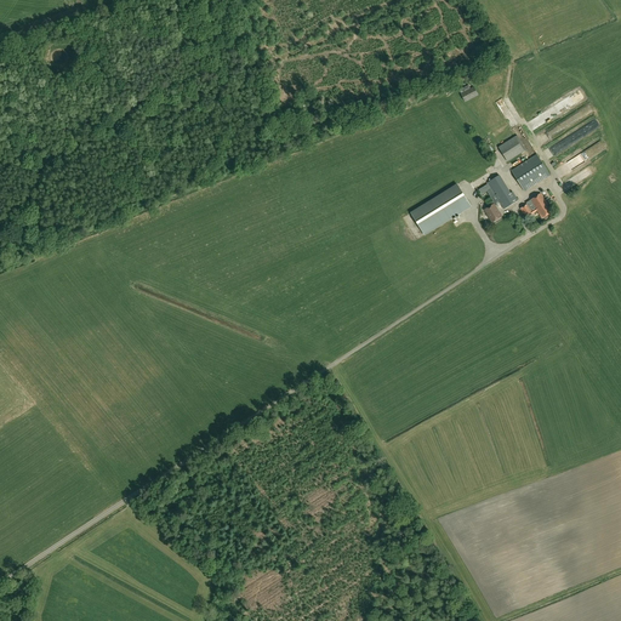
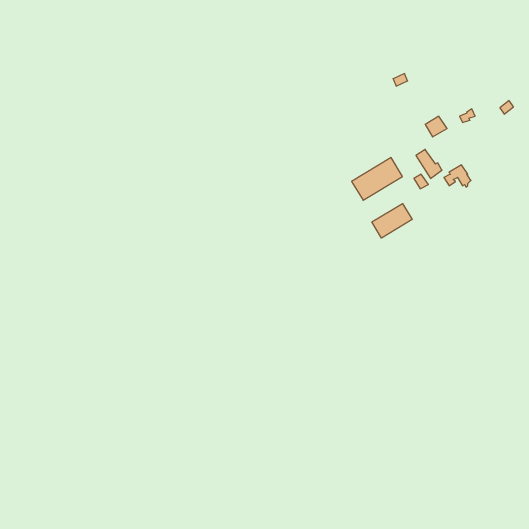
building: [509,153,548,190] -> none
building: none -> [372,204,412,238]

